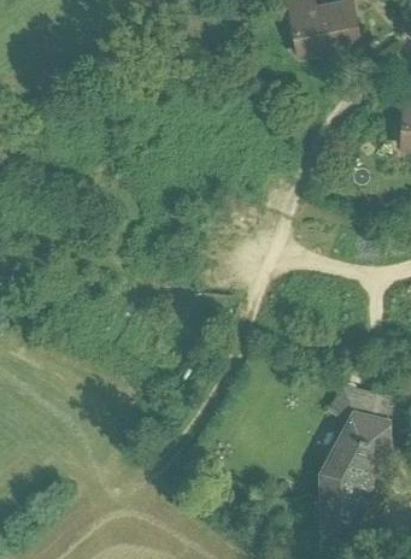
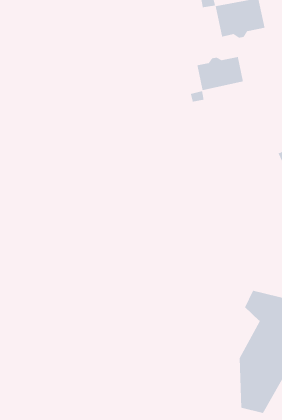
building: none -> [190,56,244,102]

